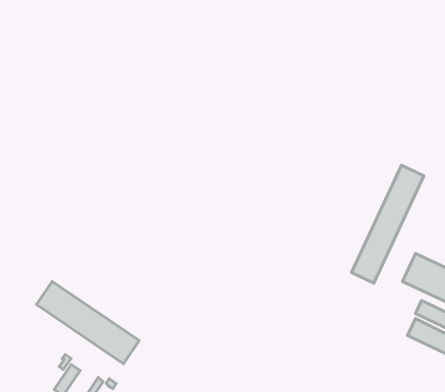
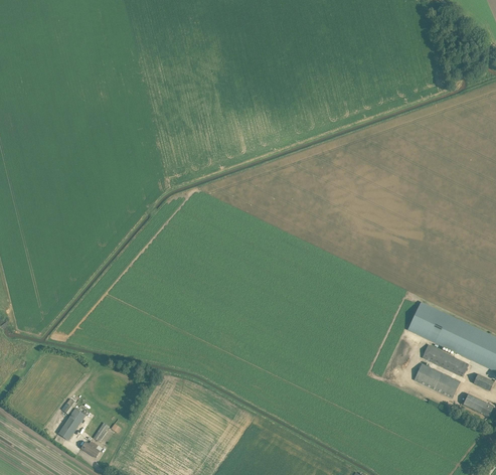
building: [351,165,424,283] -> none
building: [36,282,139,364] -> none

